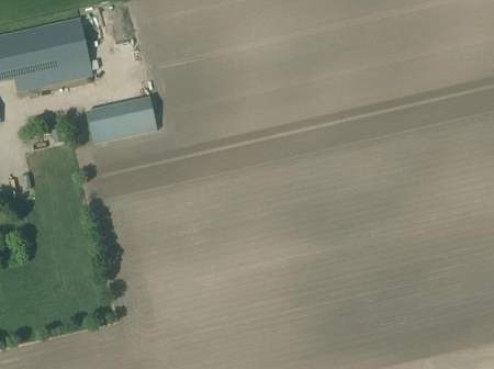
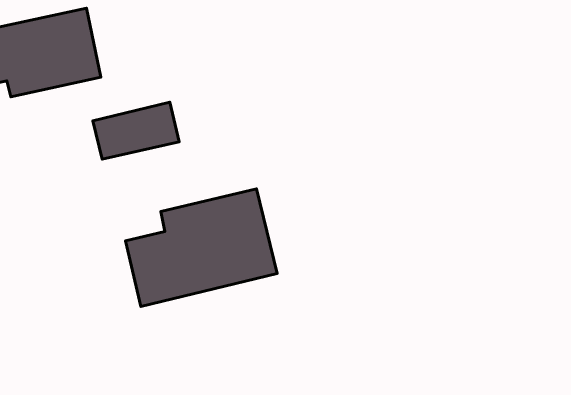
building: none -> [126,189,277,306]

